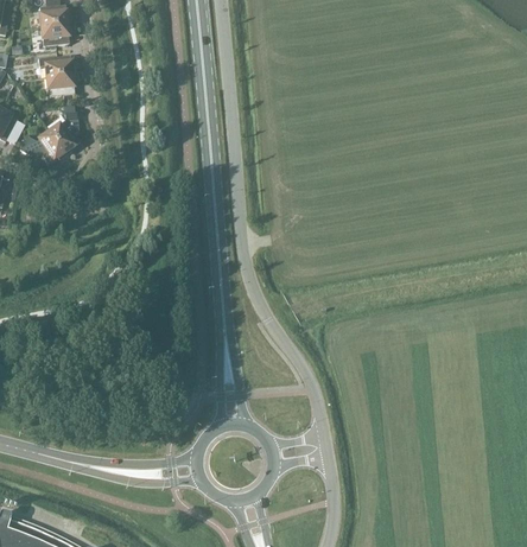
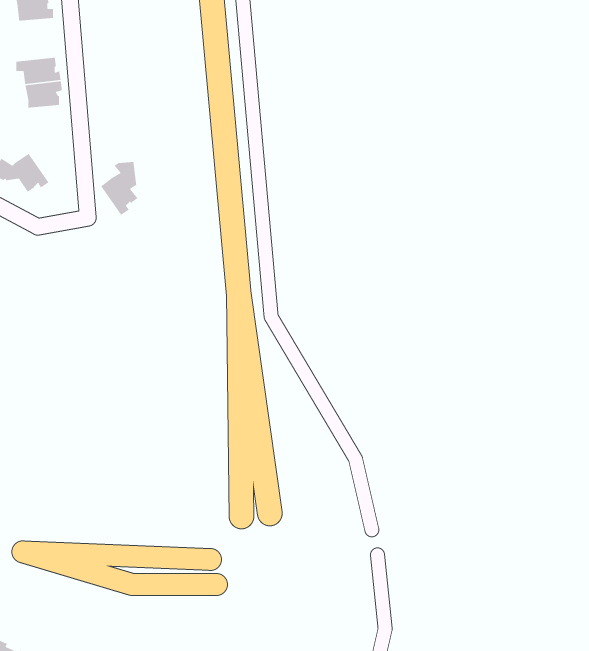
building: [39,27,69,50] -> none
building: [47,115,78,159] -> [100,161,139,216]

